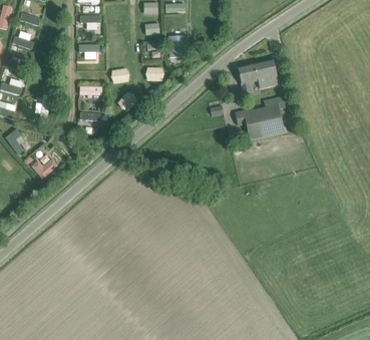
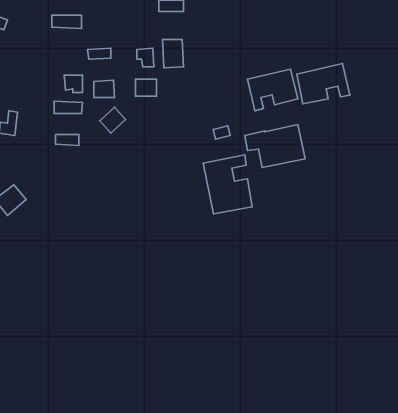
building: none -> [297,63,350,104]
building: none -> [203,155,252,214]

